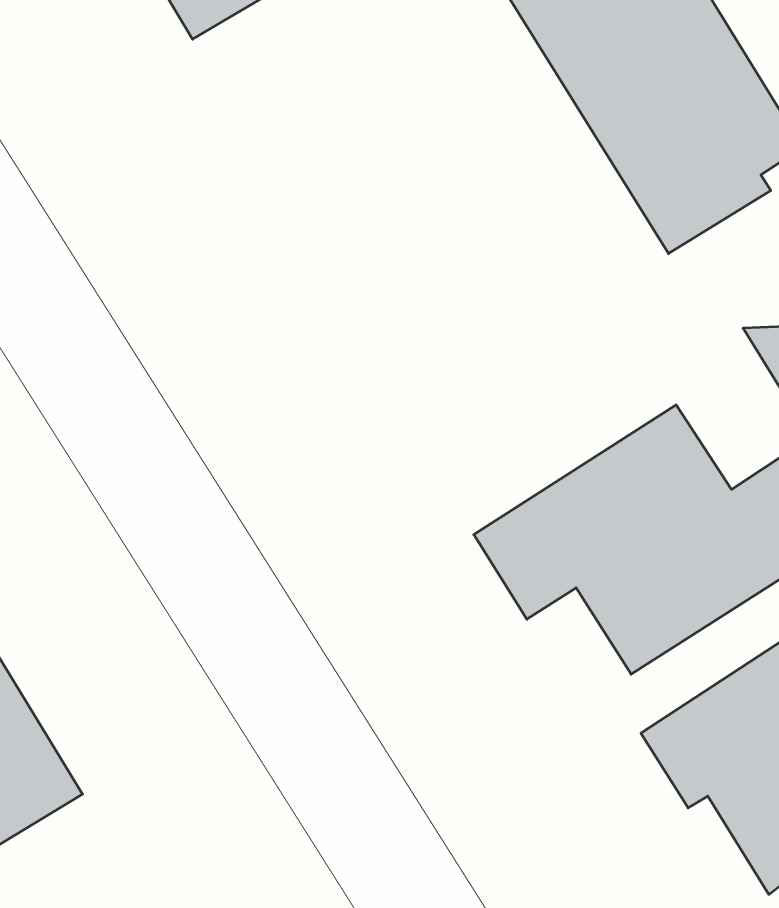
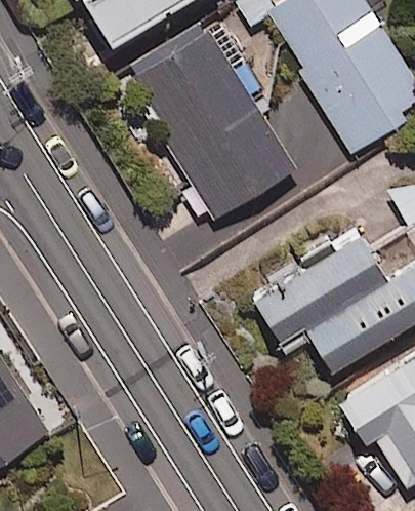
building: none -> [133,32,293,218]

